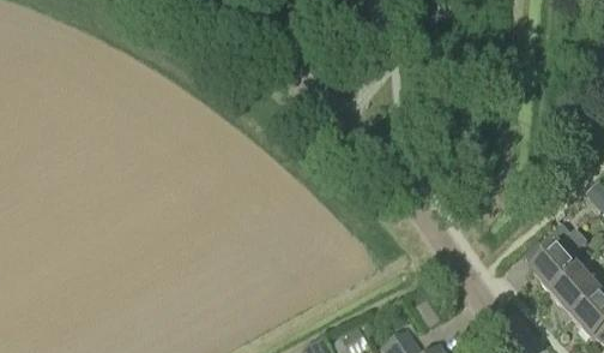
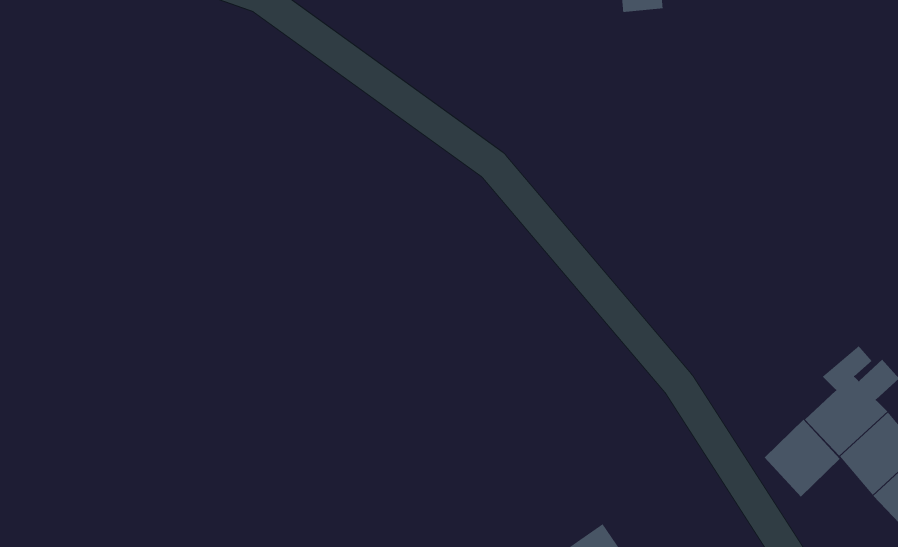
building: none -> [764,419,840,498]

